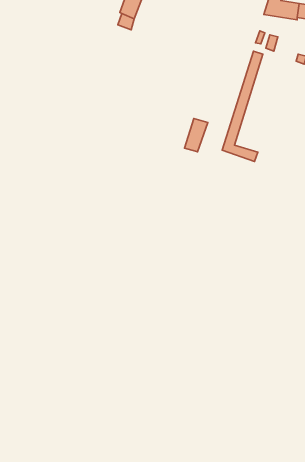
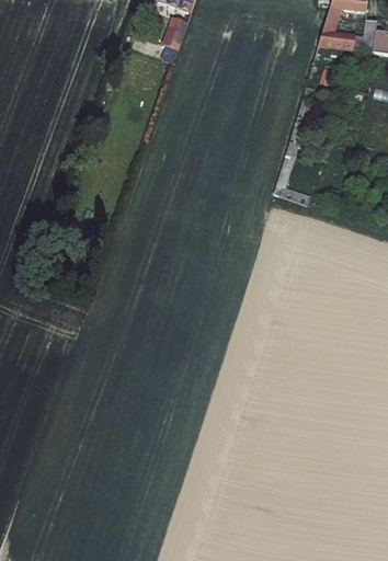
building: [185,118,208,152] -> none

